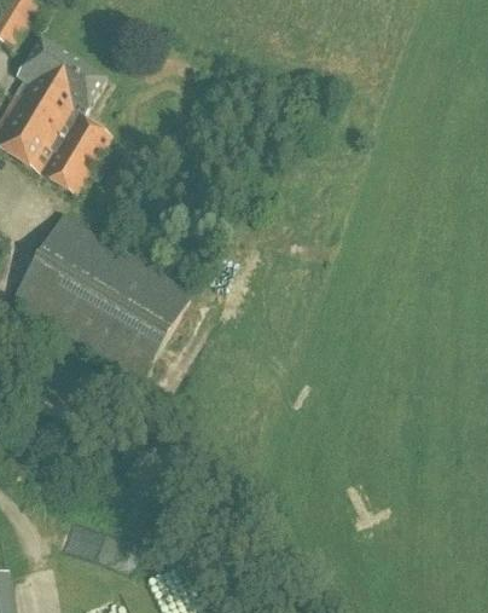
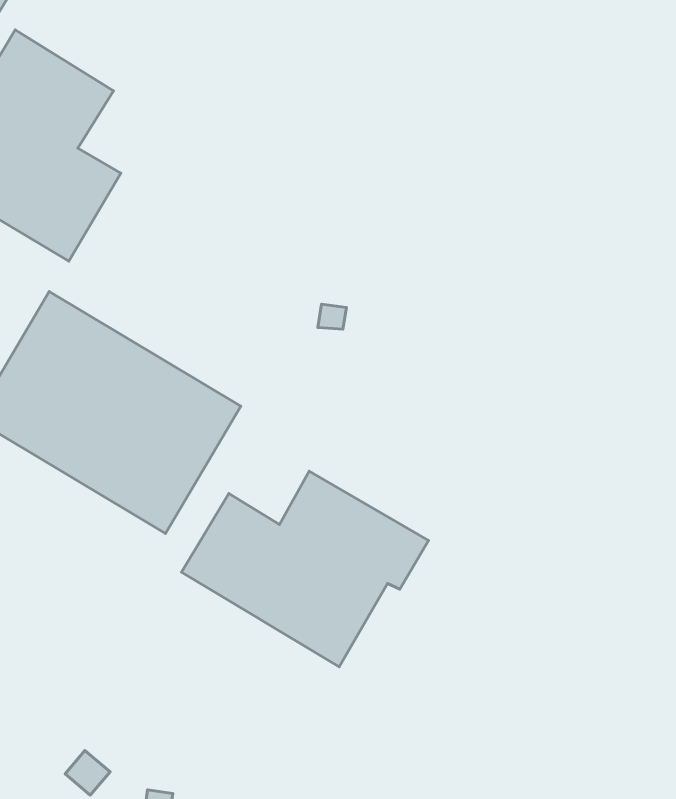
building: none -> [181,471,429,667]

